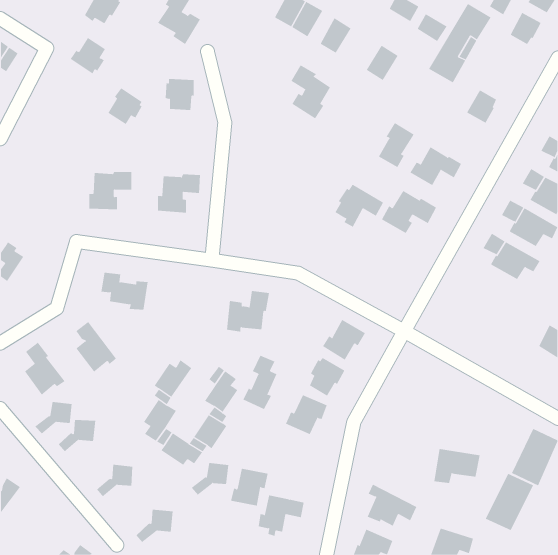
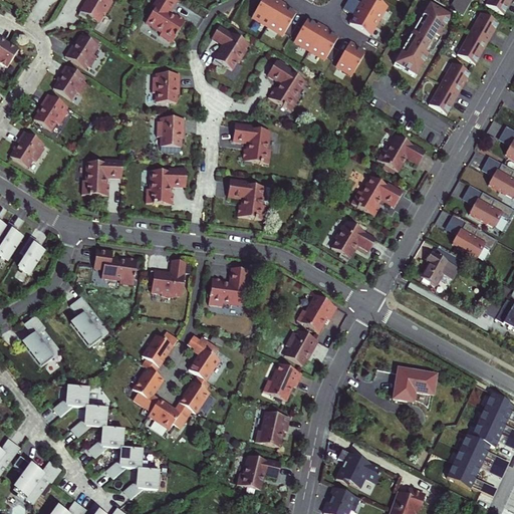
building: [417,14,447,42] -> [349,8,377,34]
building: none -> [212,25,249,69]
building: none -> [309,26,338,58]
building: none -> [457,32,485,63]
building: none -> [441,61,470,91]
building: [108,88,143,125] -> [56,66,88,100]
building: none -> [34,92,68,130]
building: [378,122,414,168] -> none
building: none -> [156,116,184,146]
building: none -> [232,122,270,163]
building: none -> [10,130,44,167]
building: [335,184,384,227] -> [330,220,375,260]
building: none -> [227,178,265,218]
building: none -> [19,236,44,273]
building: none -> [421,252,469,289]
building: none -> [149,259,186,296]
building: [243,355,277,410] -> none
building: [34,402,73,434] -> [71,406,106,436]
building: [433,449,480,484] -> [393,367,436,400]
building: [191,463,229,495] -> [106,447,142,477]
building: [230,468,268,506] -> [254,411,289,446]
building: none -> [13,460,60,503]

